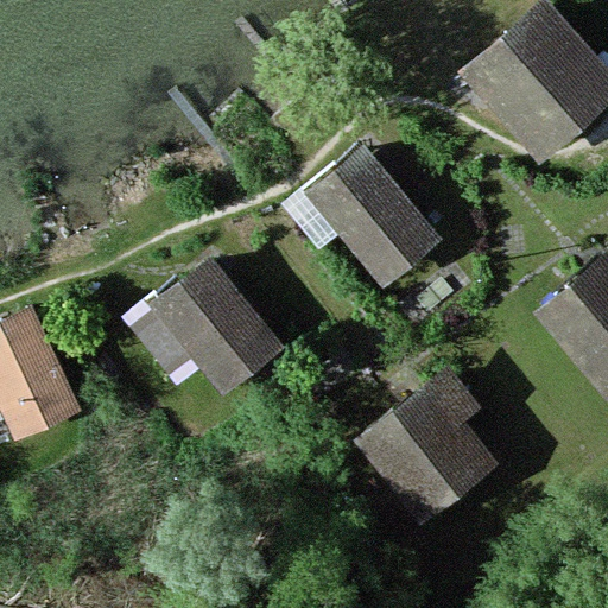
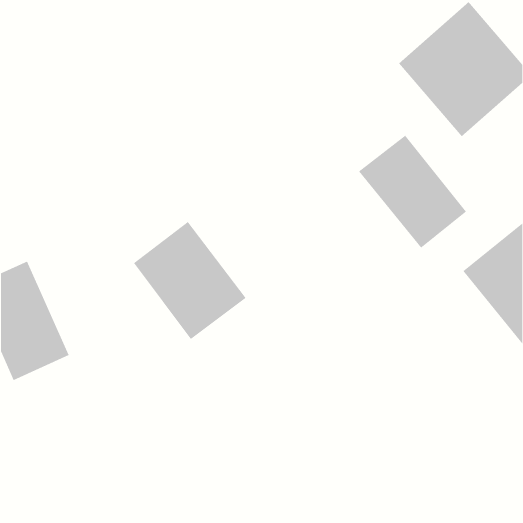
building: [310,150,436,281] -> [358,135,467,248]
building: [356,386,494,524] -> none

